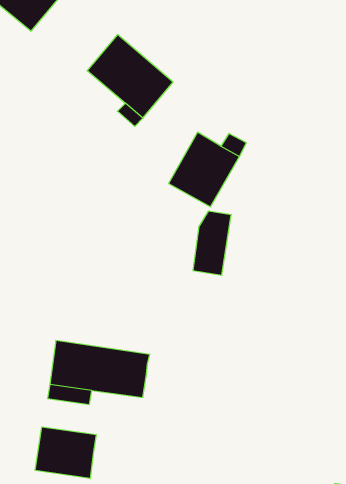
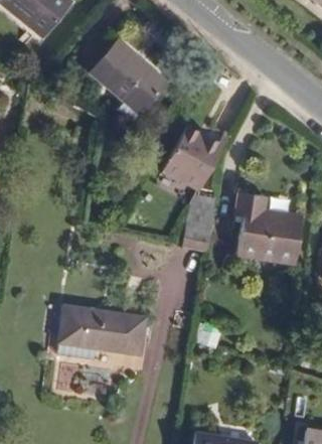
building: none -> [236,191,303,263]
building: [35,427,96,479] -> none

